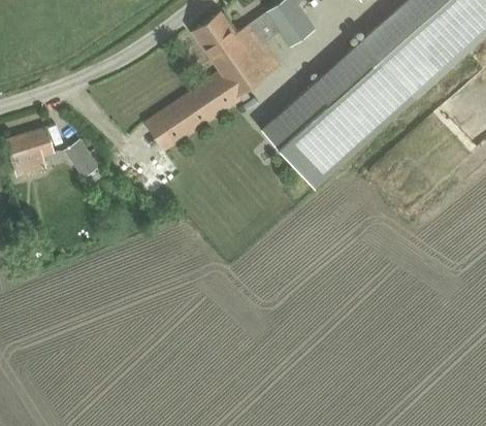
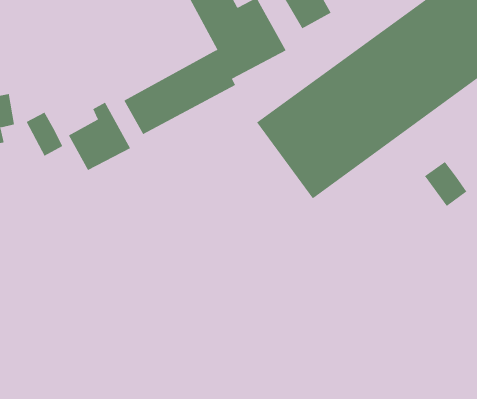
building: none -> [68,102,131,171]
building: none -> [424,161,467,207]

